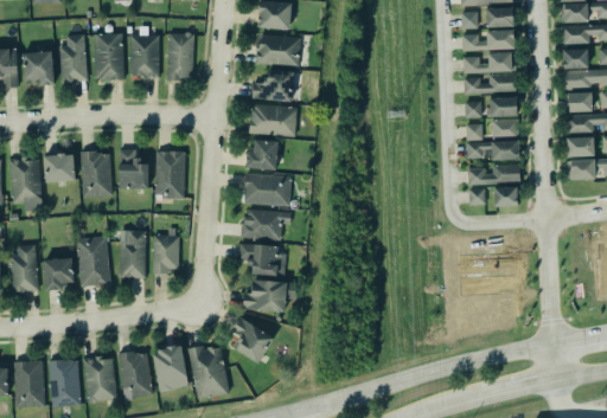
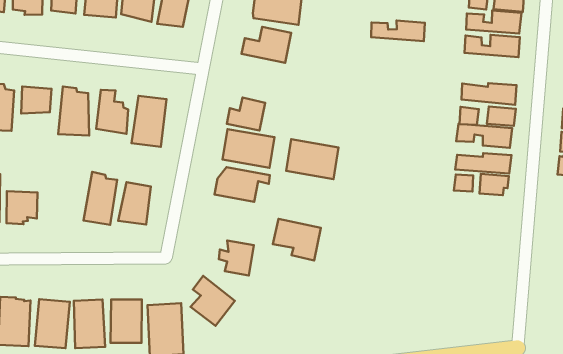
building: [464,72,516,92] -> [371,21,425,41]
building: [249,103,296,136] -> [286,139,339,179]
building: [77,236,109,285] -> none
building: [235,240,279,276] -> [273,219,321,260]

